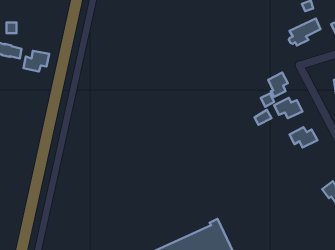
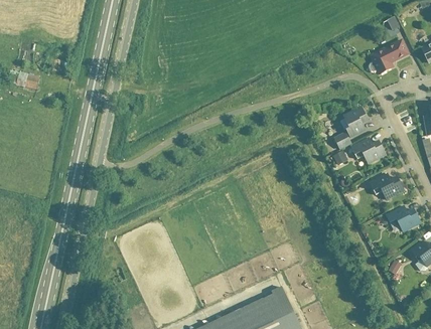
building: [23,51,49,72] -> none
building: none -> [386,205,420,230]

